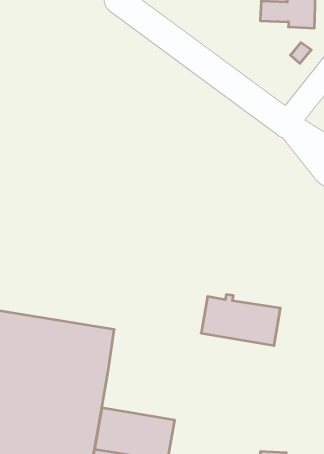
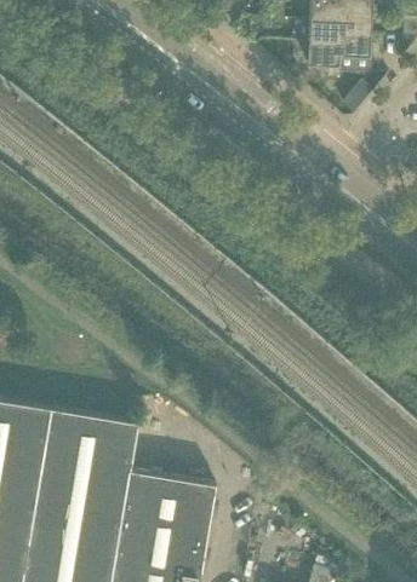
building: [201,295,280,346] -> [122,469,215,529]

